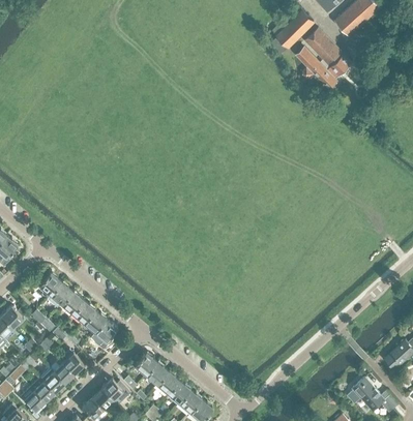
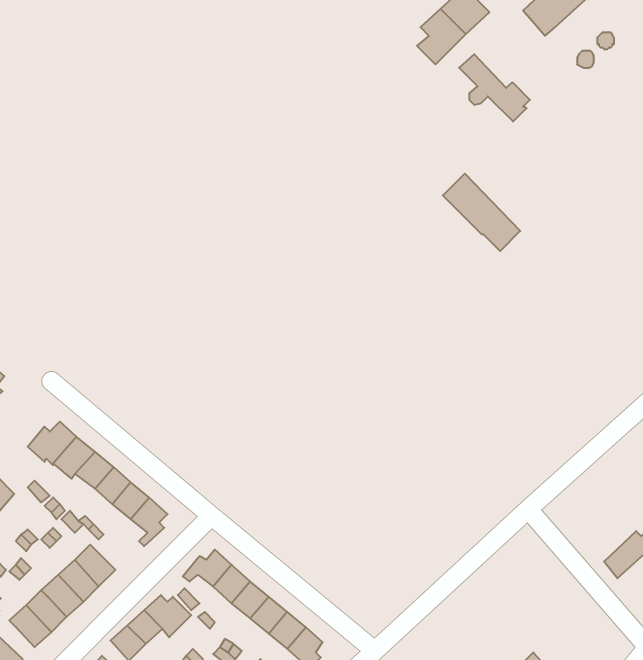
building: [304,28,352,76] -> [443,174,520,251]
building: [347,378,397,411] -> none

